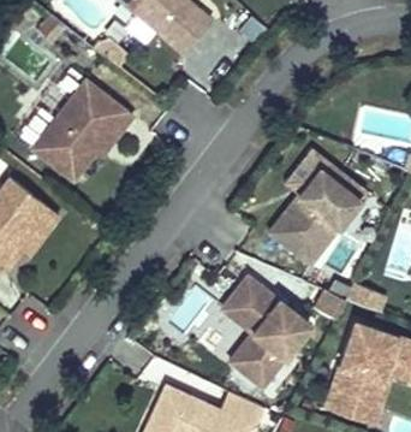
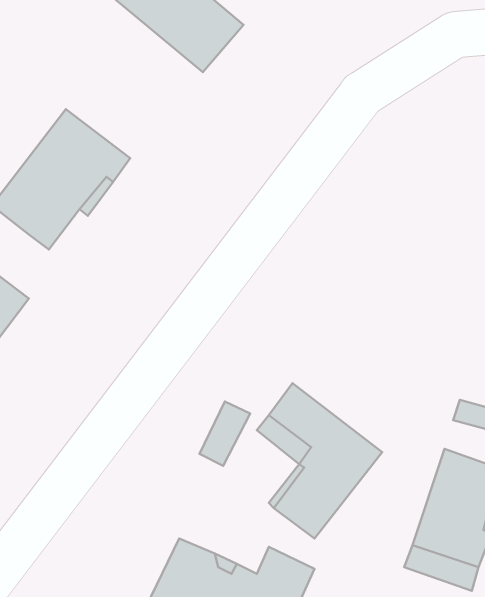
building: [270,167,359,262] -> none

